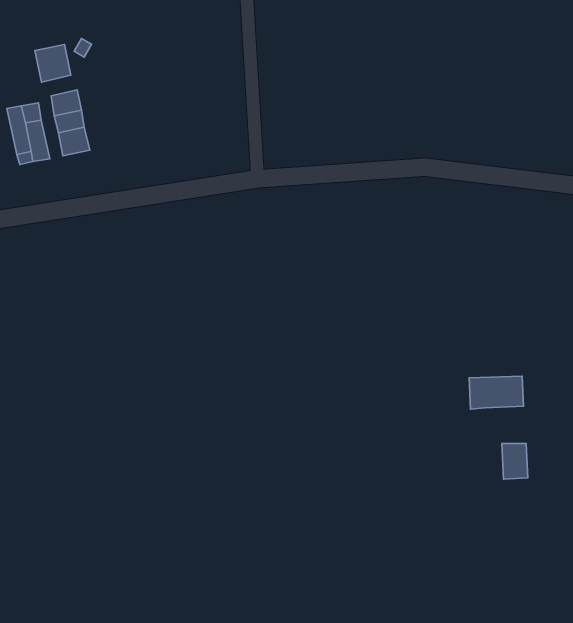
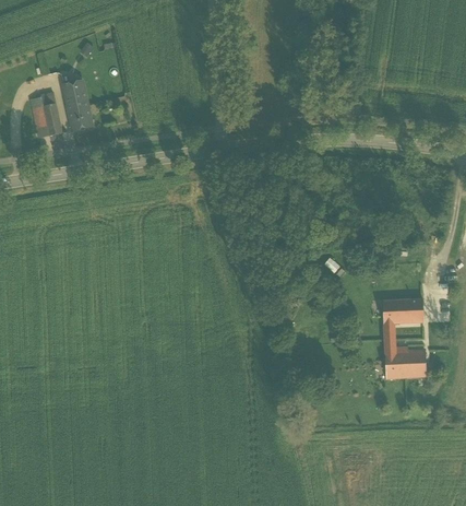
building: [35,45,71,82] -> none
building: none -> [382,322,407,378]

